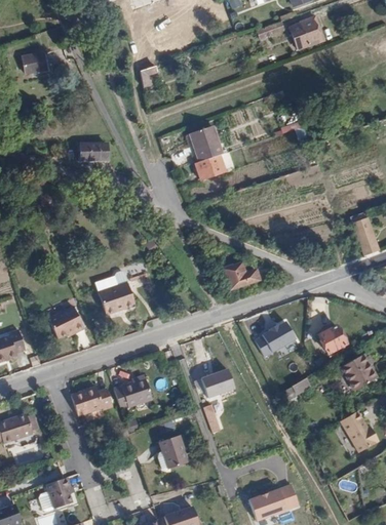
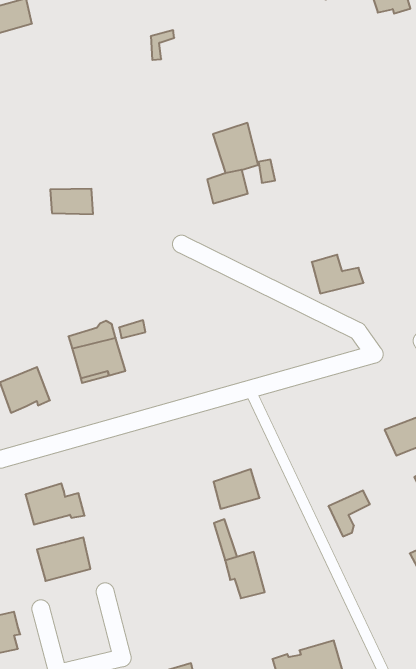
building: [80,148,111,166] -> [50,189,93,214]
building: [226,257,263,285] -> [312,255,364,293]
building: [255,322,296,358] -> none
building: [114,377,152,409] -> [37,537,90,581]
building: [159,435,188,468] -> [225,552,265,598]

